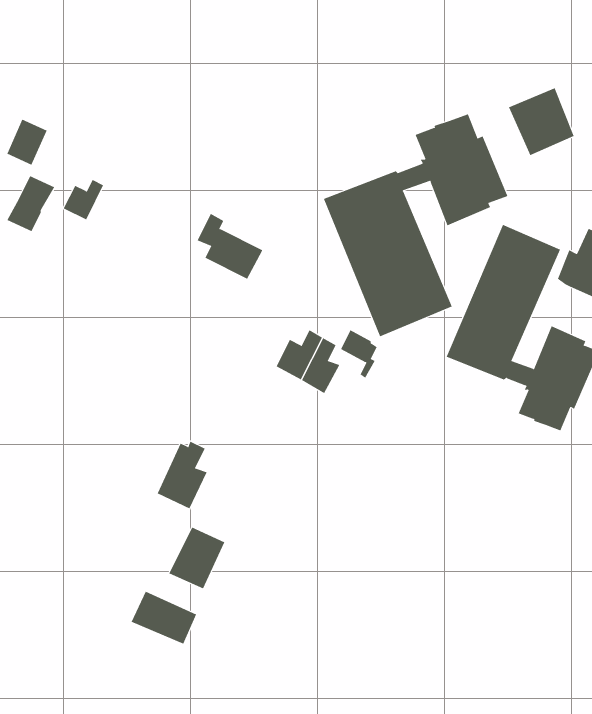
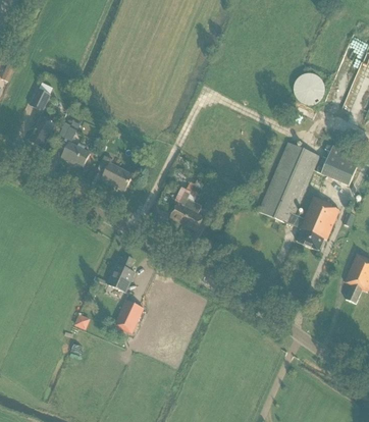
building: [323,113,508,337] -> none
building: [197,213,263,279] -> [97,155,131,190]
building: none -> [60,142,89,166]
building: [131,591,197,645] -> none

